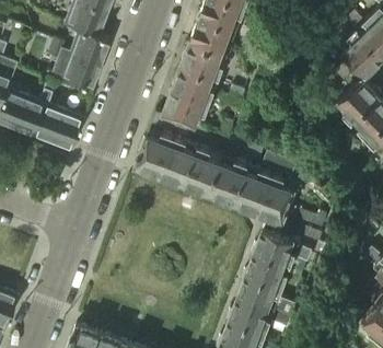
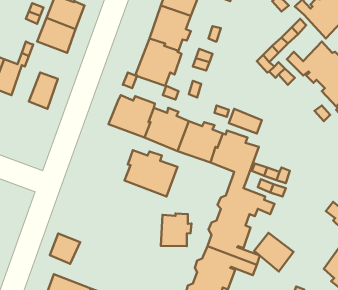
building: [33,104,63,142] -> none
building: none -> [125,150,178,196]
building: none -> [161,214,191,246]
building: none -> [254,233,294,271]
building: none -> [50,233,80,264]

